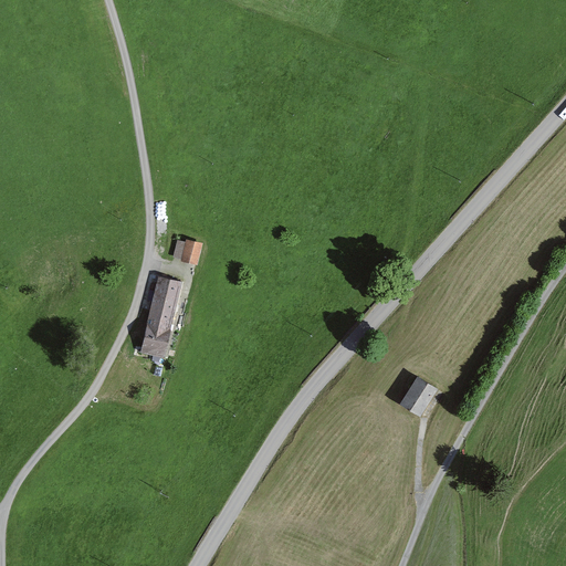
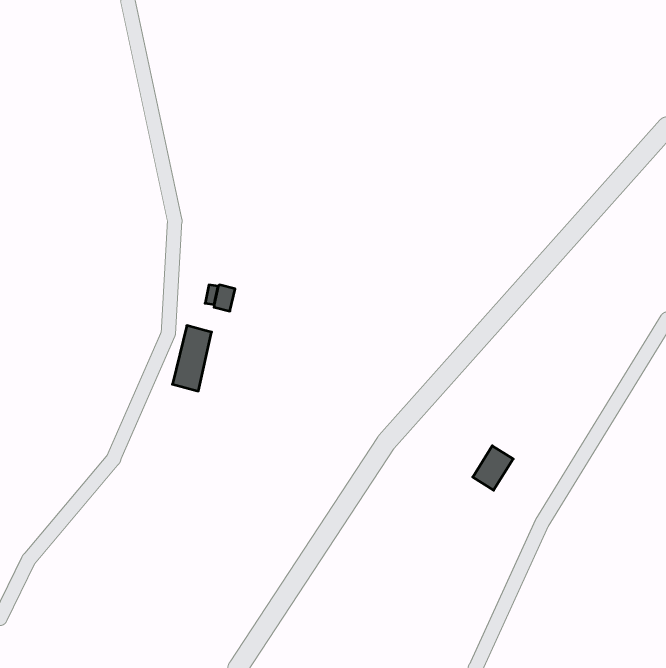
building: [140,325,168,356] -> none

